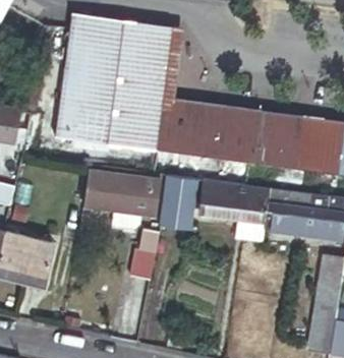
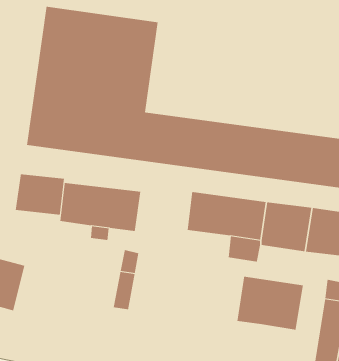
building: none -> [15,174,64,215]
building: [159,174,198,230] -> none
building: none -> [237,276,304,331]

